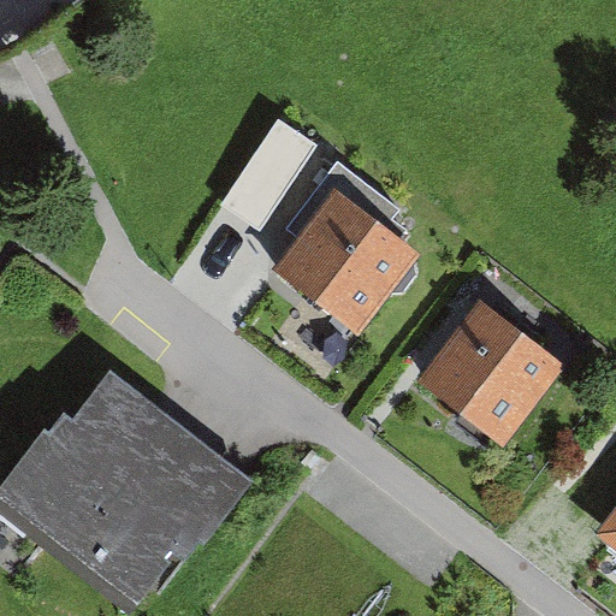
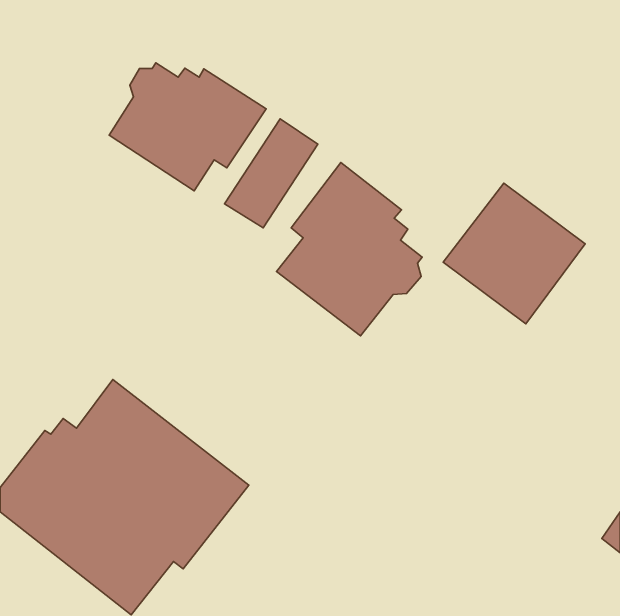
building: none -> [109,63,266,191]
building: [421,301,562,440] -> [443,183,585,324]

